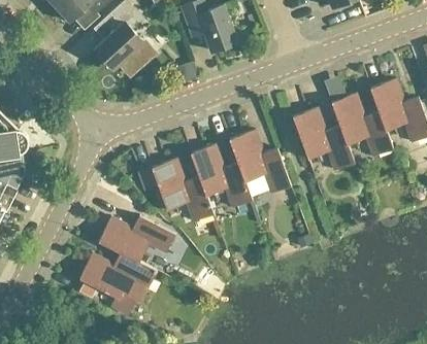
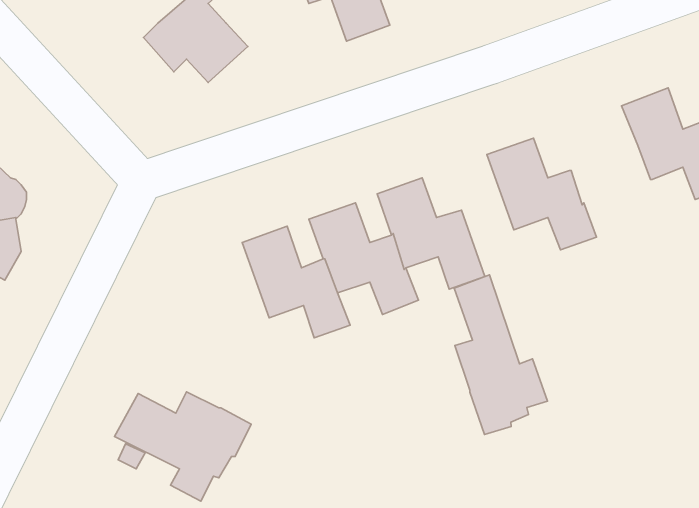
building: [331,93,393,157] -> none
building: none -> [454,275,547,435]
building: [98,215,175,262] -> none

